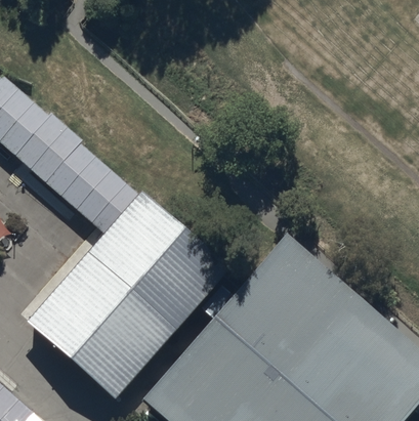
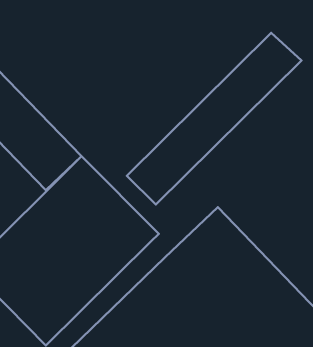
building: none -> [127,33,301,205]

